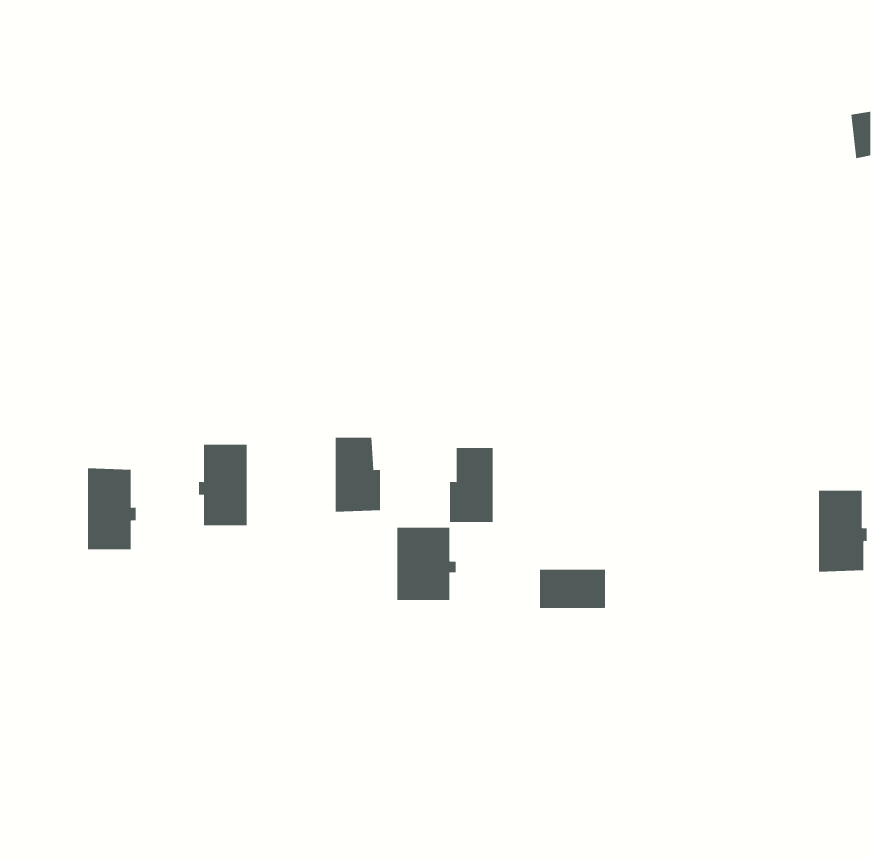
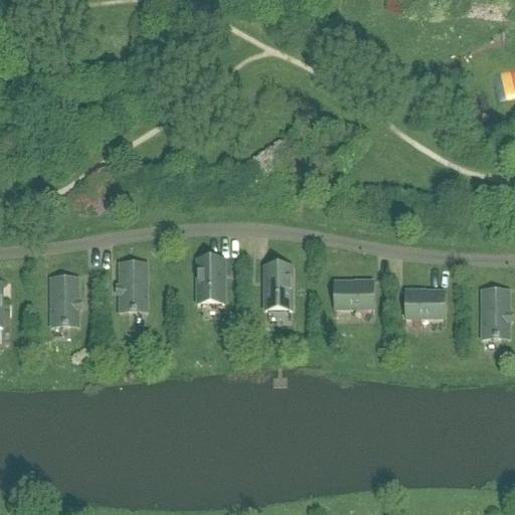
building: none -> [405,290,444,314]
building: [397,527,456,601] -> none
building: [539,569,606,608] -> [334,281,373,304]

